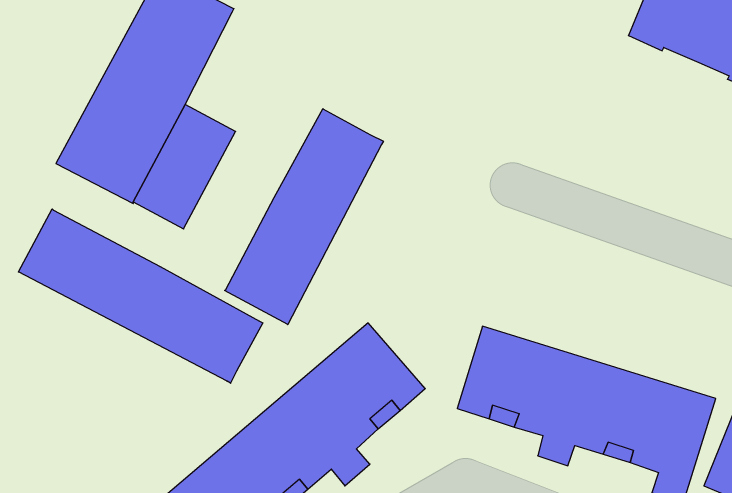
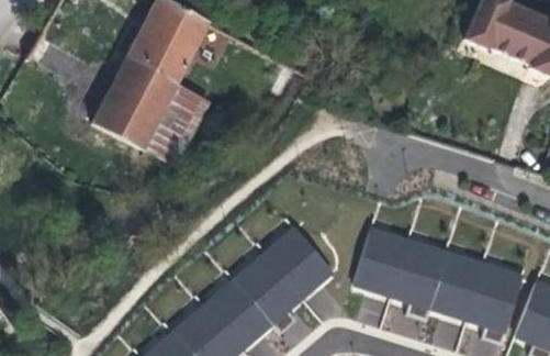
building: [225,109,383,325] -> none
building: [18,209,263,383] -> none

